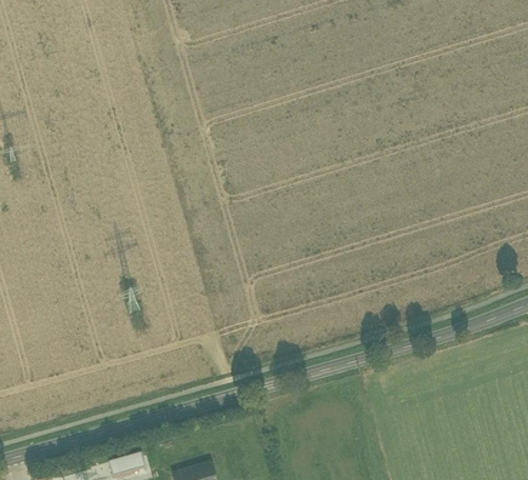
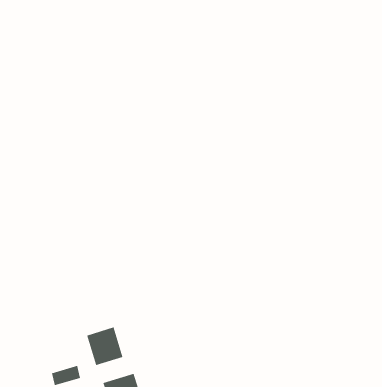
building: none -> [87,327,123,366]

